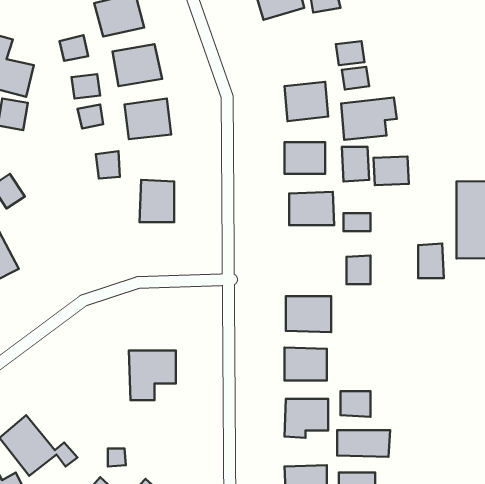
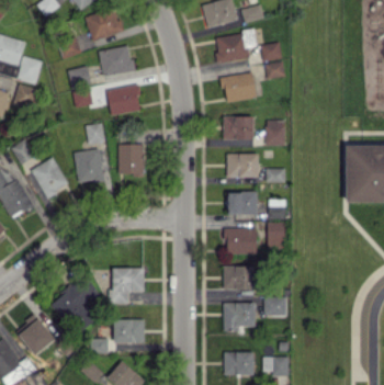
building: [341,98,397,140] -> [215,31,256,61]
building: [373,156,409,185] -> none
building: none -> [75,149,102,182]
building: none -> [31,157,69,199]
building: [418,244,444,278] -> [267,222,285,247]
building: none -> [227,191,256,214]
building: none -> [49,281,98,328]
building: none -> [113,319,145,343]
building: [337,430,390,457] -> none

